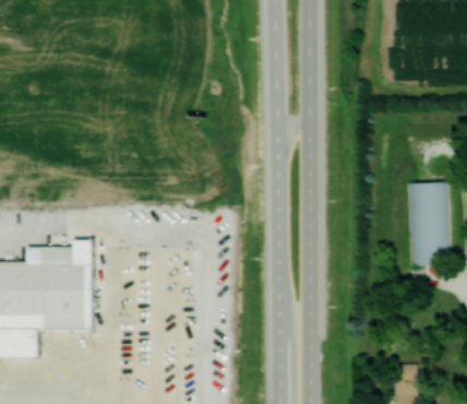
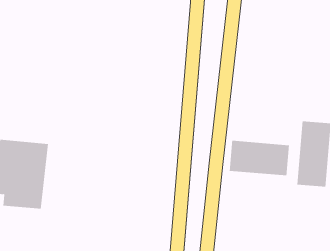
building: none -> [229,140,289,176]

